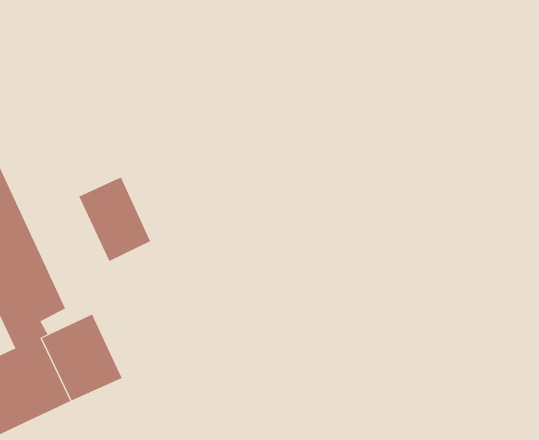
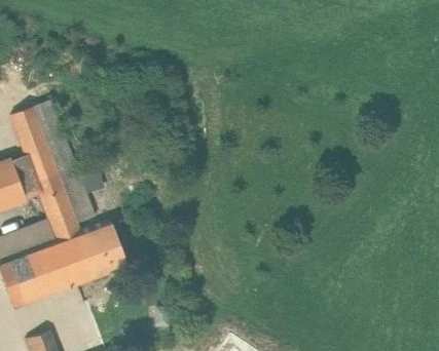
building: [79,177,151,262] -> none

